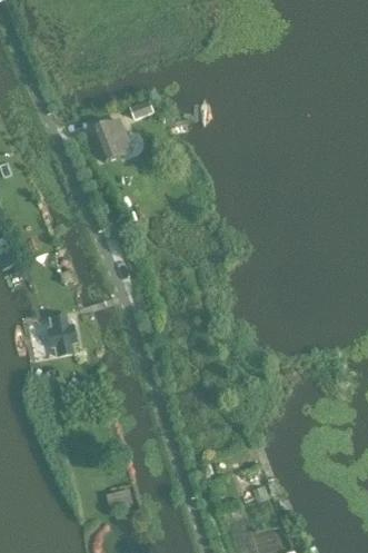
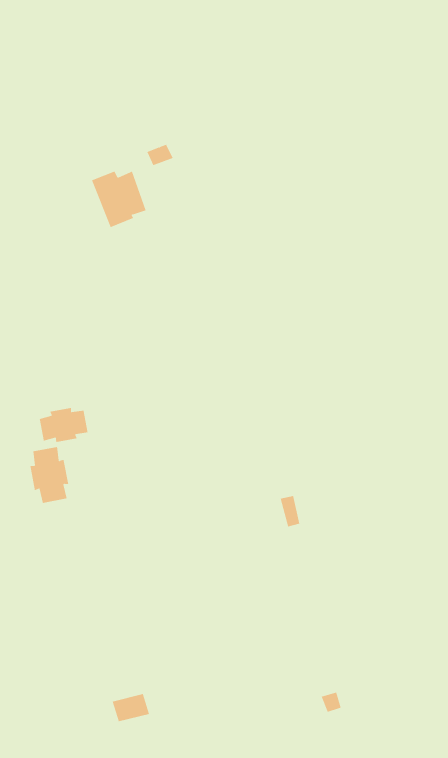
building: none -> [39,407,88,443]

